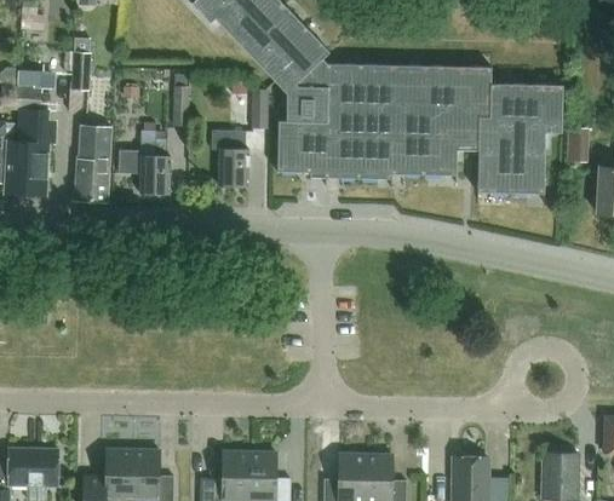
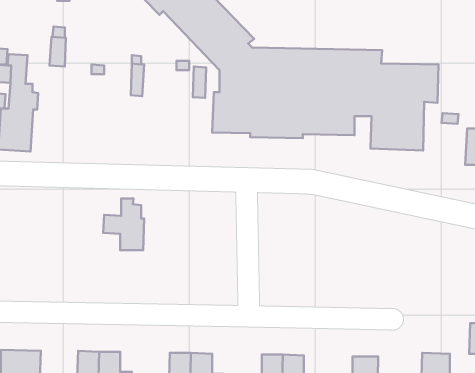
building: [78,127,110,202] -> none
building: [117,129,170,195] -> [103,199,144,250]
building: [212,131,248,188] -> none

